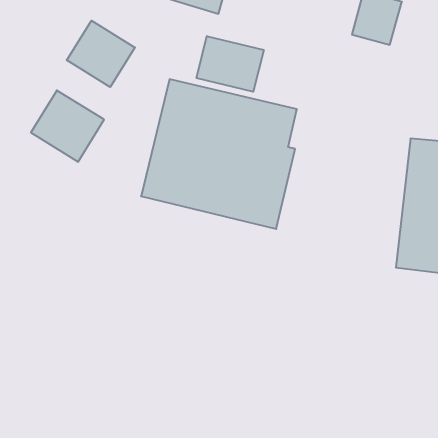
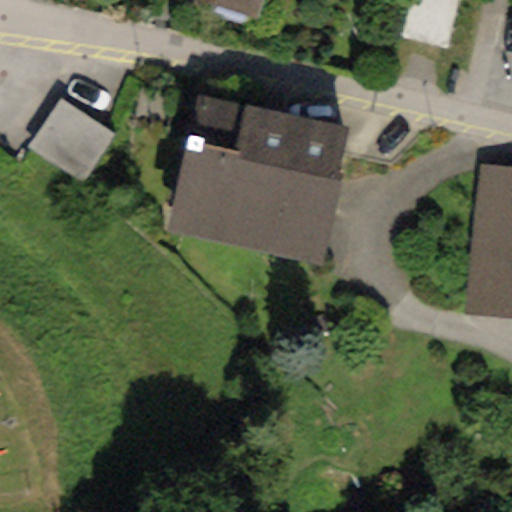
building: [67,21,135,87] -> none
building: [197,36,264,92] -> none

